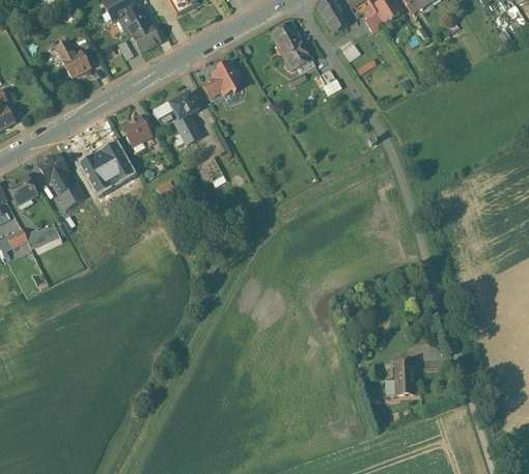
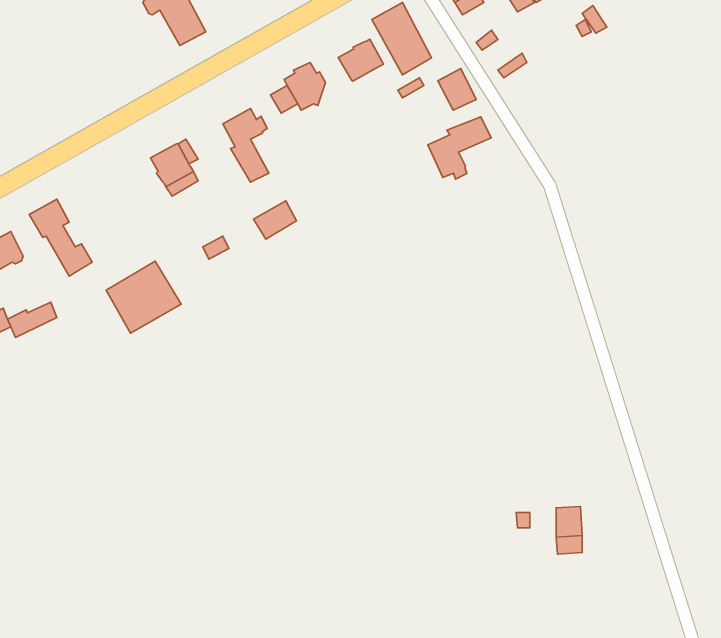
building: [52,40,90,78] -> none
building: none -> [338,39,384,81]
building: none -> [428,117,491,179]
building: [81,144,132,193] -> [106,261,181,333]

